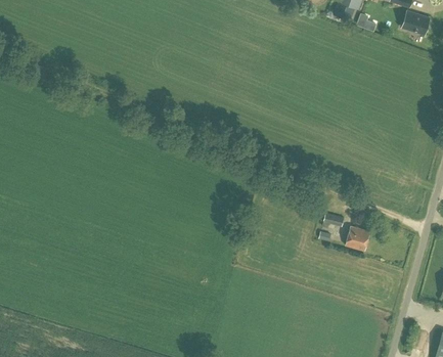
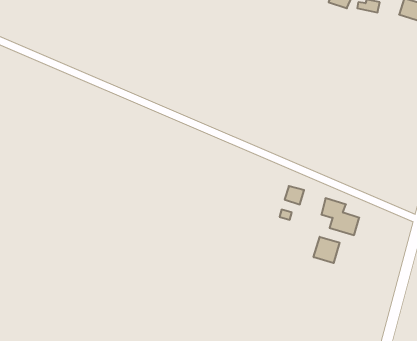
building: none -> [314,237,340,263]

